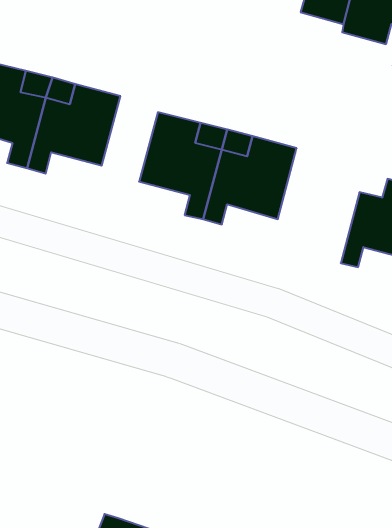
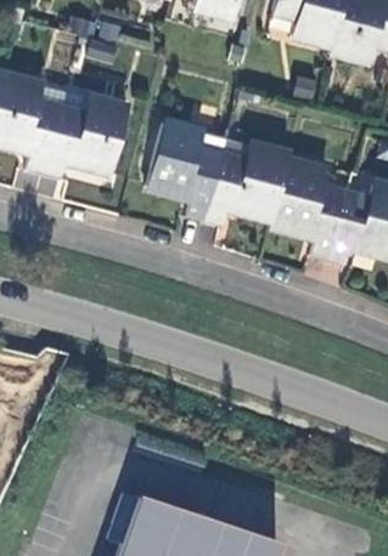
building: none -> [272,161,348,261]

